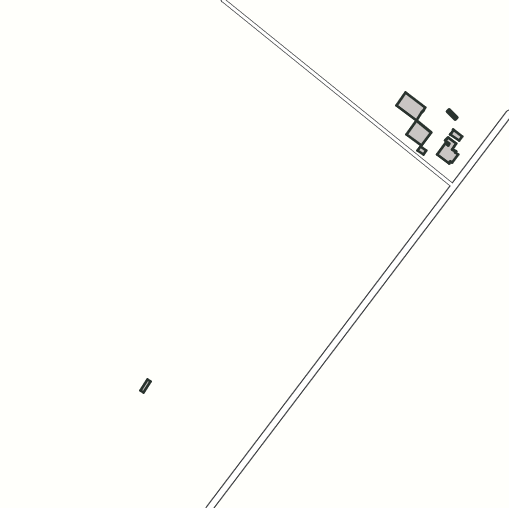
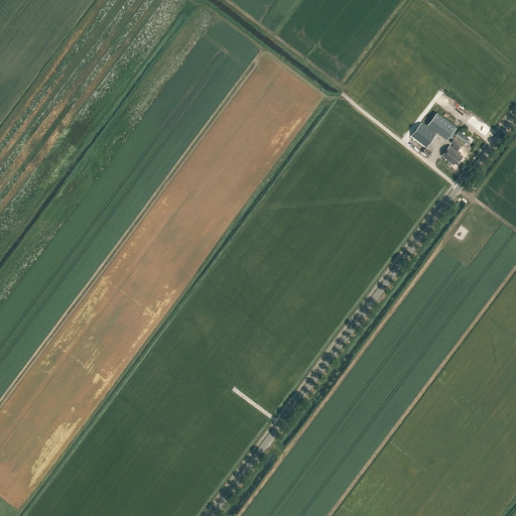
building: [396,93,425,121] -> [427,113,457,141]

